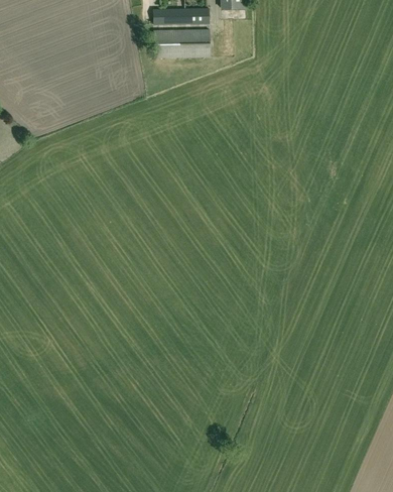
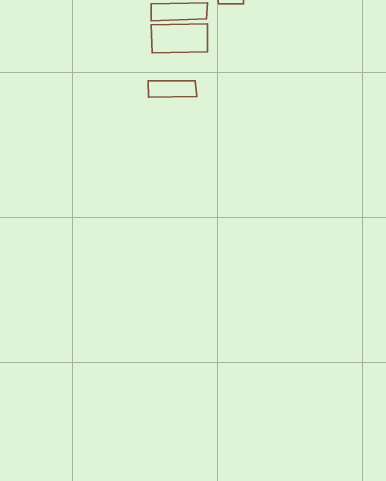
building: none -> [148,81,197,97]

